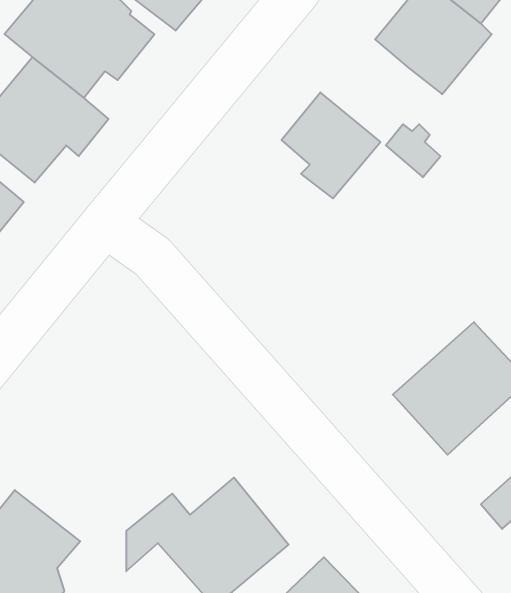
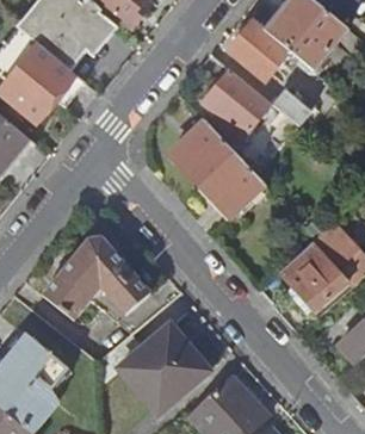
building: none -> [227,17,290,78]
building: none -> [169,117,265,216]
building: none -> [43,237,151,318]

